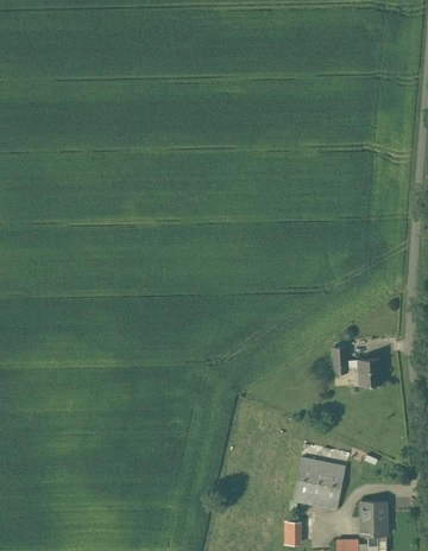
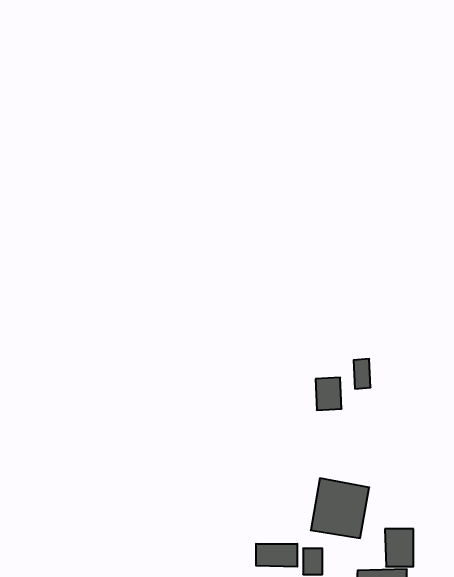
building: [358,359,382,388] -> [316,378,342,410]
building: none -> [256,544,297,567]

